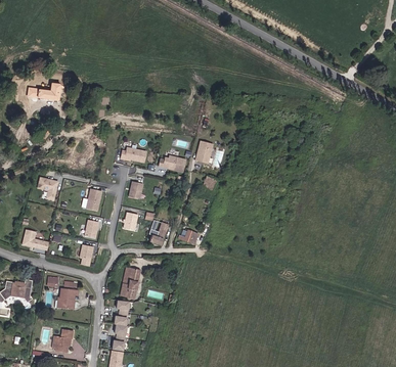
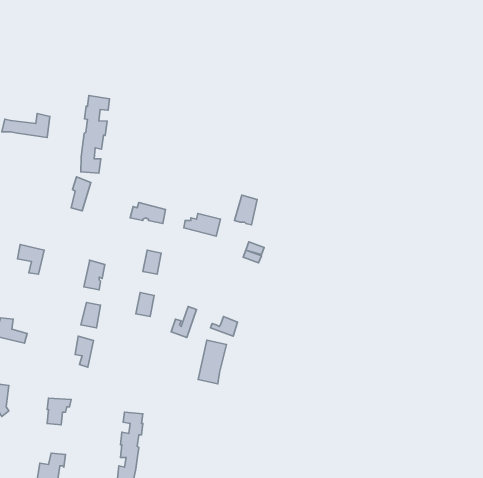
building: none -> [81,95,109,173]
building: [120,267,140,299] -> [198,340,226,384]

